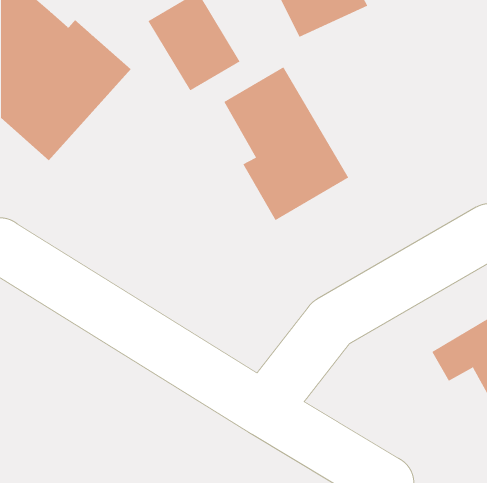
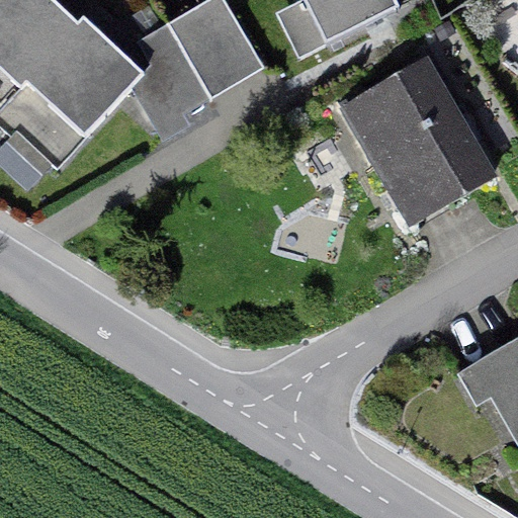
building: [223,66,349,221] -> [359,60,492,223]

